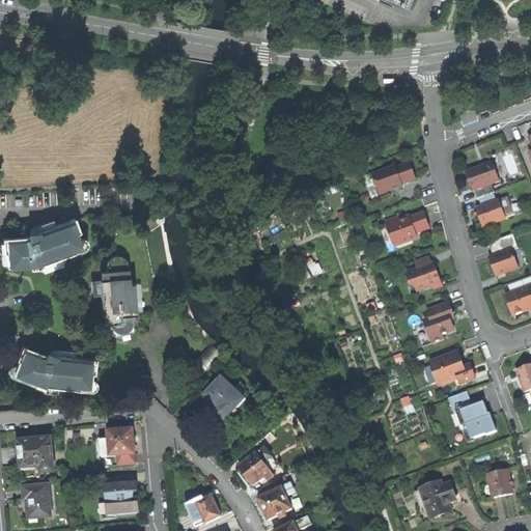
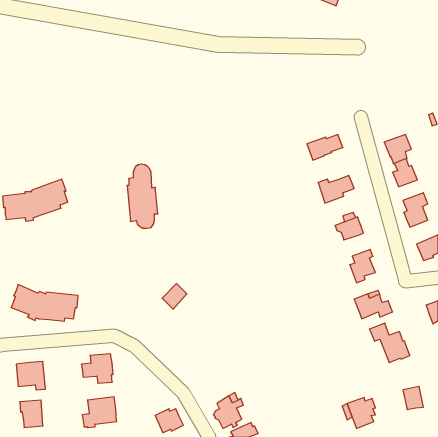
building: [100,253,137,331] -> [127,164,158,228]
building: [205,376,246,424] -> none
building: [240,438,274,485] -> none

